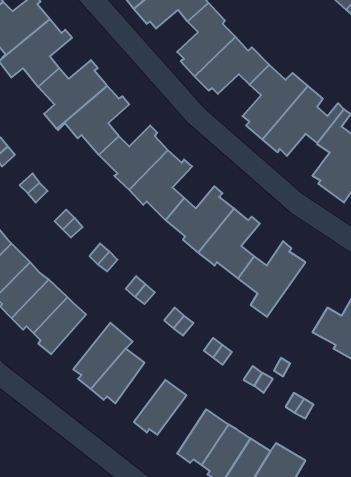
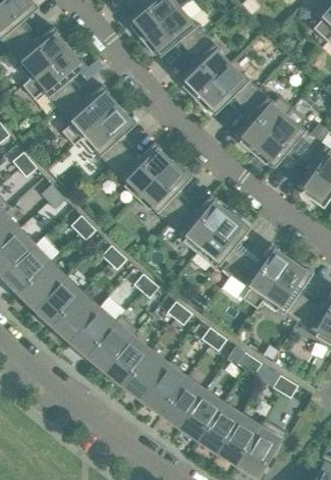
building: none -> [257,260,313,321]
building: none -> [68,306,115,354]
building: none -> [124,348,168,399]
building: none -> [161,376,204,427]

